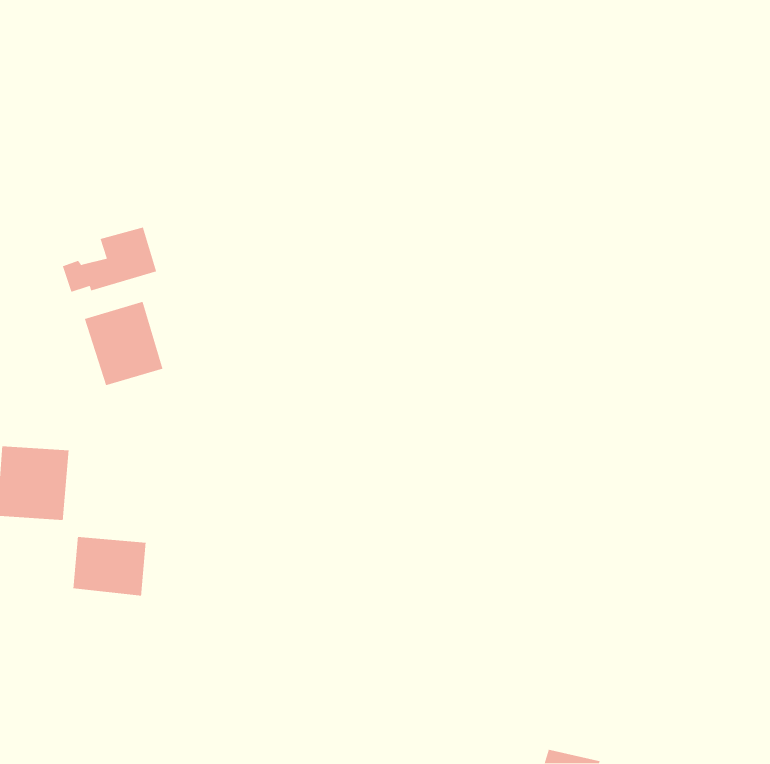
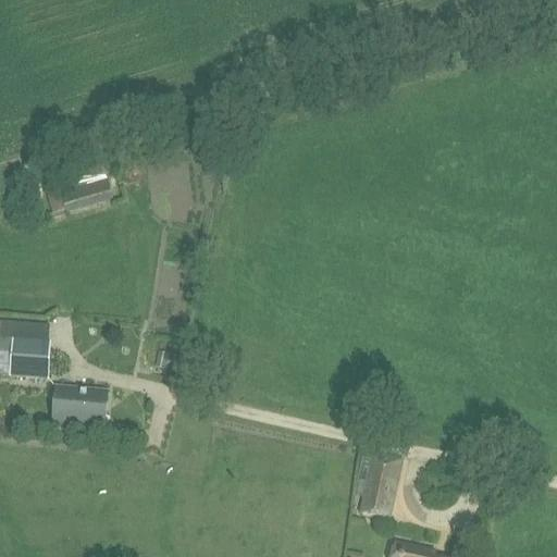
building: [84,301,163,386] -> none
building: none -> [361,453,399,515]

